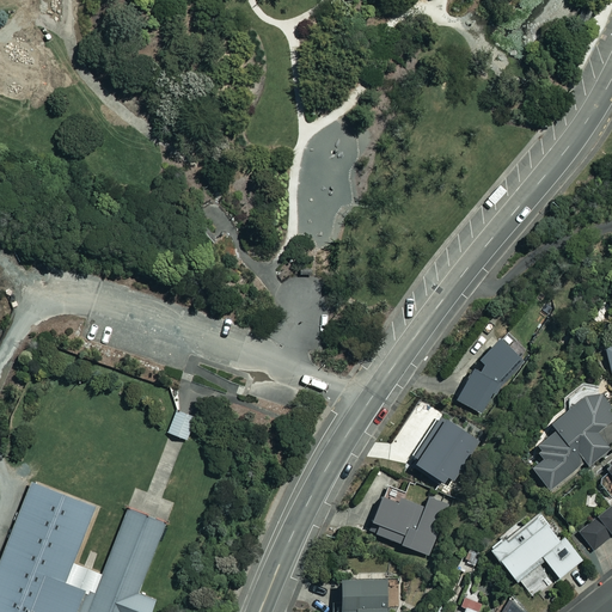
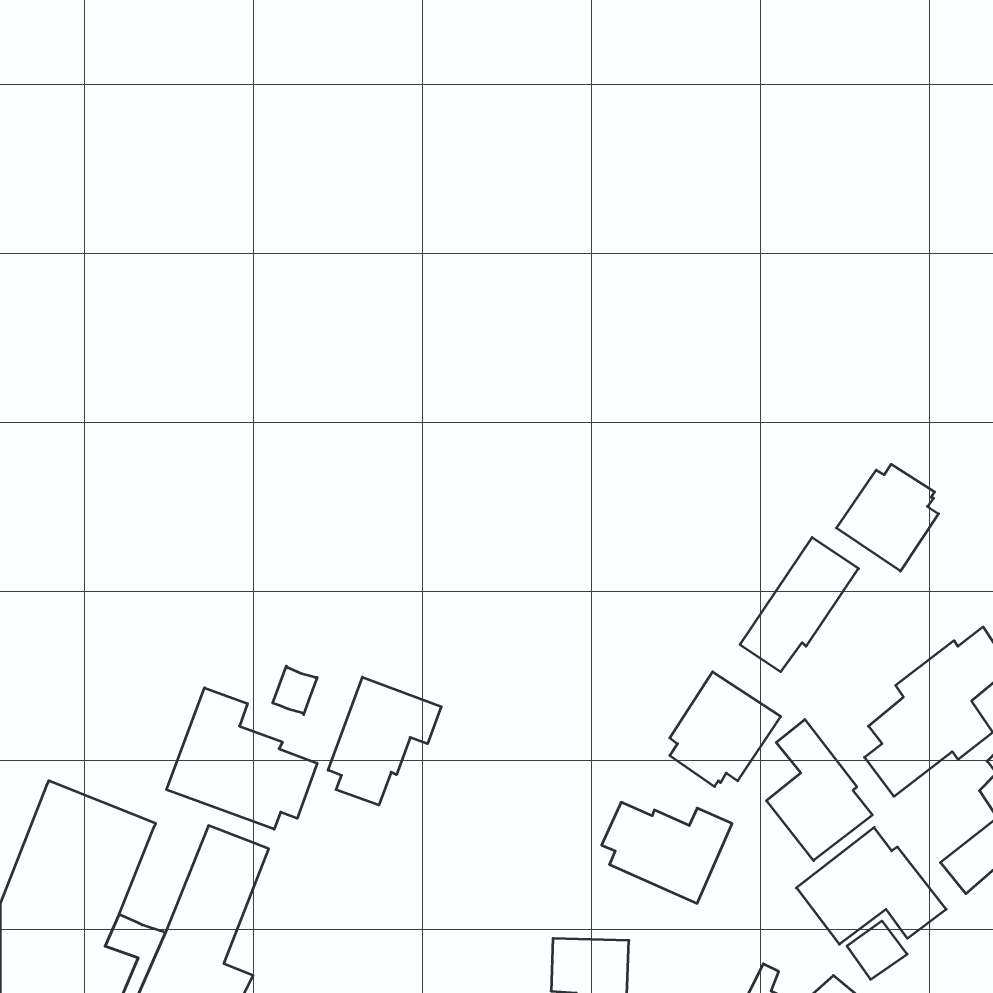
building: none -> [836,464,939,571]
building: none -> [328,677,441,805]
building: none -> [167,688,317,829]
building: none -> [766,719,872,861]

